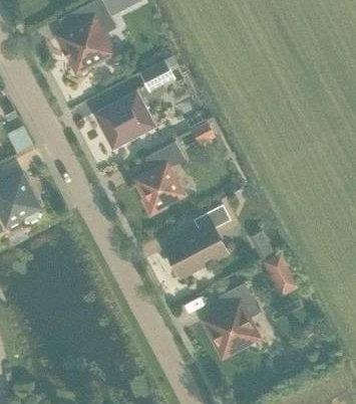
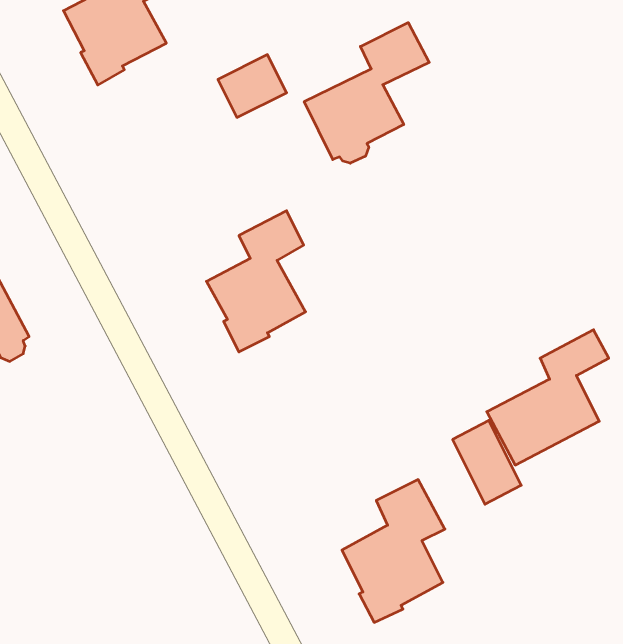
building: none -> [304,23,429,163]
building: [97,94,152,147] -> none
building: [166,205,231,276] -> [487,330,609,465]

